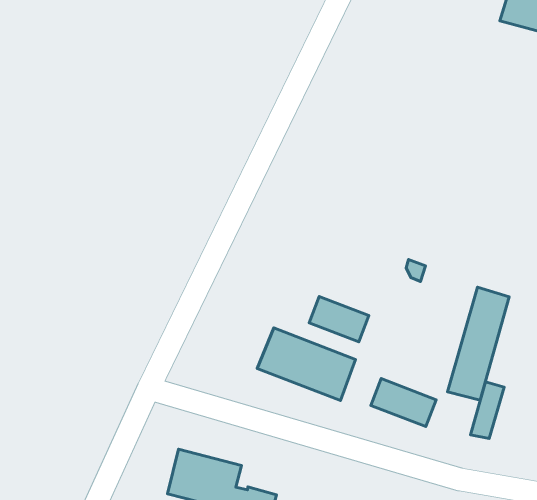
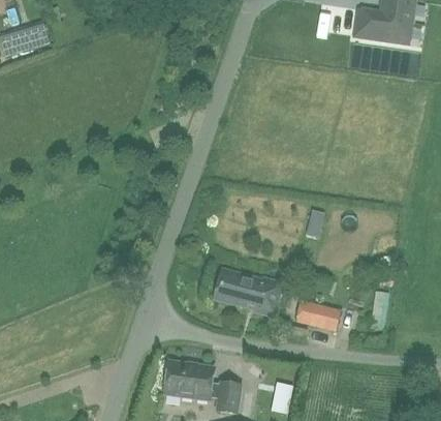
building: [448,287,509,400] -> none
building: [309,296,369,342] -> none

